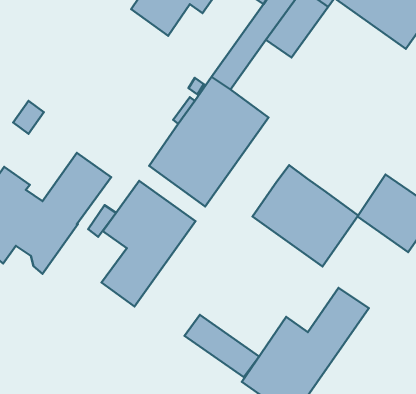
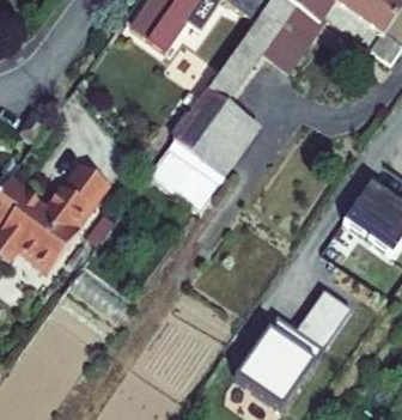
building: [252,165,358,266] -> none
building: [102,181,195,307] -> none
building: [185,315,259,377] -> none

